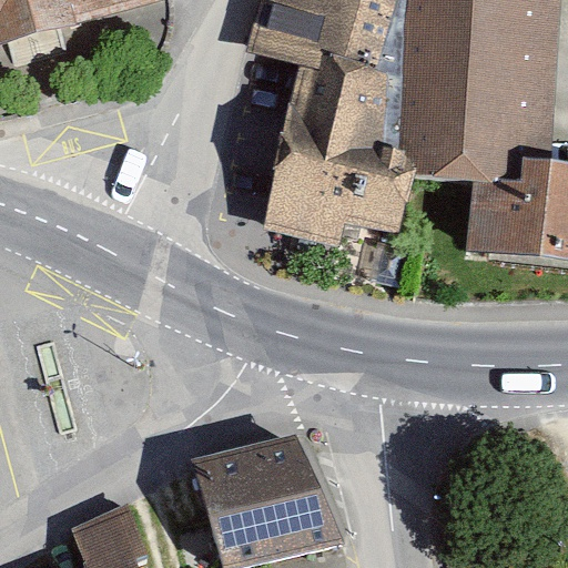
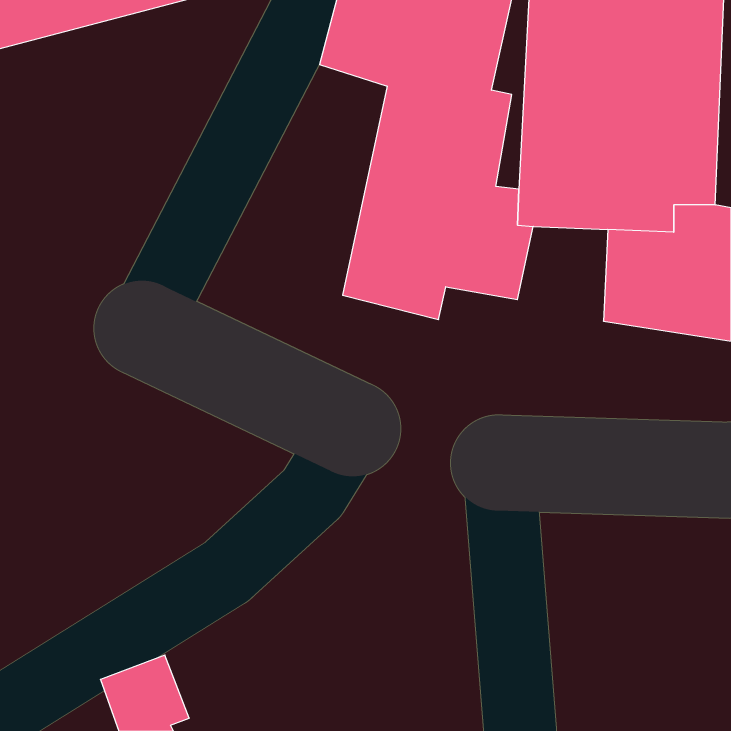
building: [196,435,336,560] -> none

